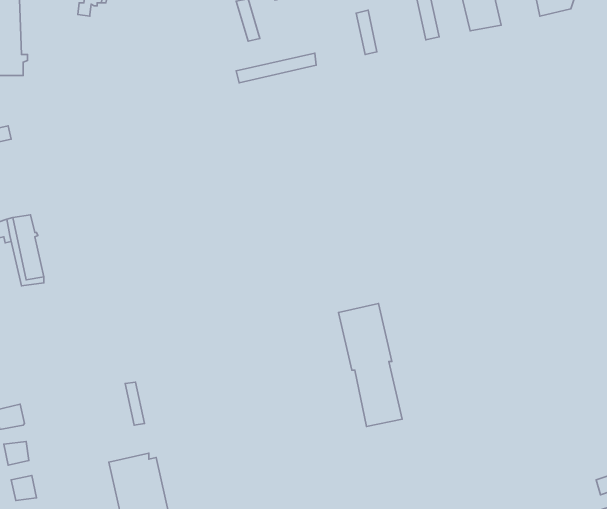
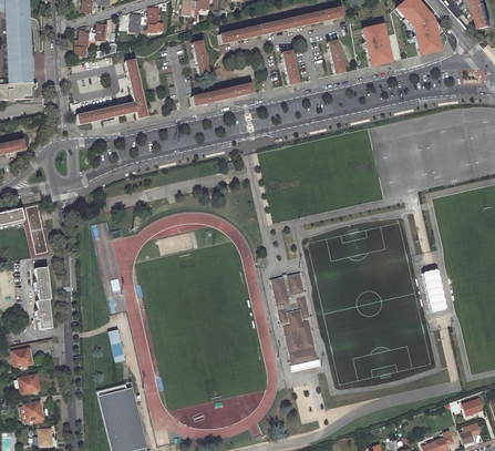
building: none -> [76,60,146,124]
building: none -> [34,267,52,328]

